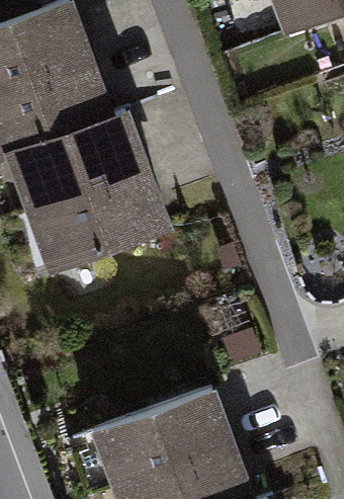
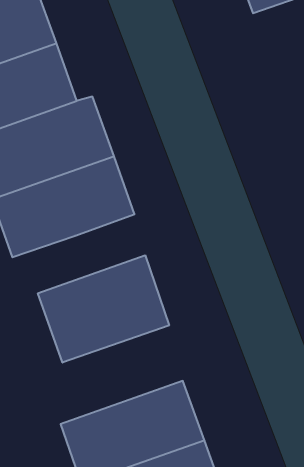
building: none -> [38,255,169,363]

